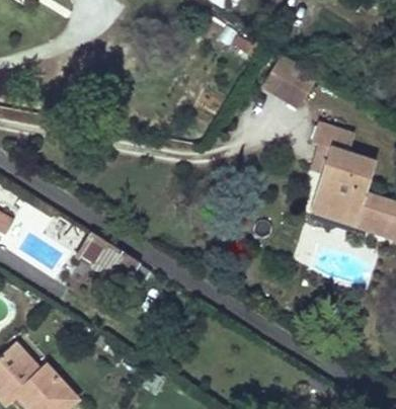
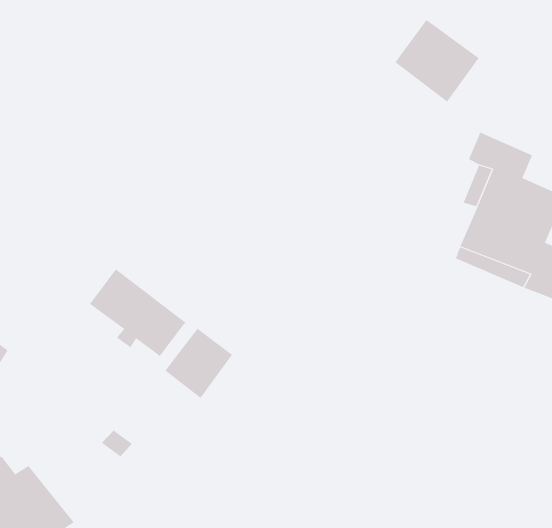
building: none -> [165,328,233,399]

